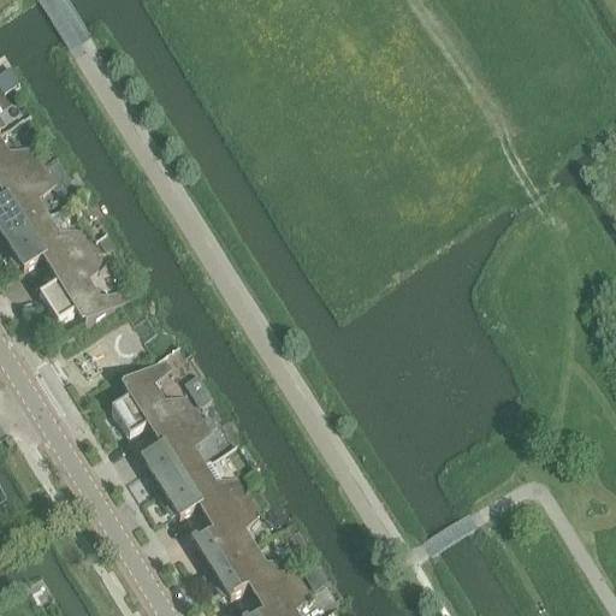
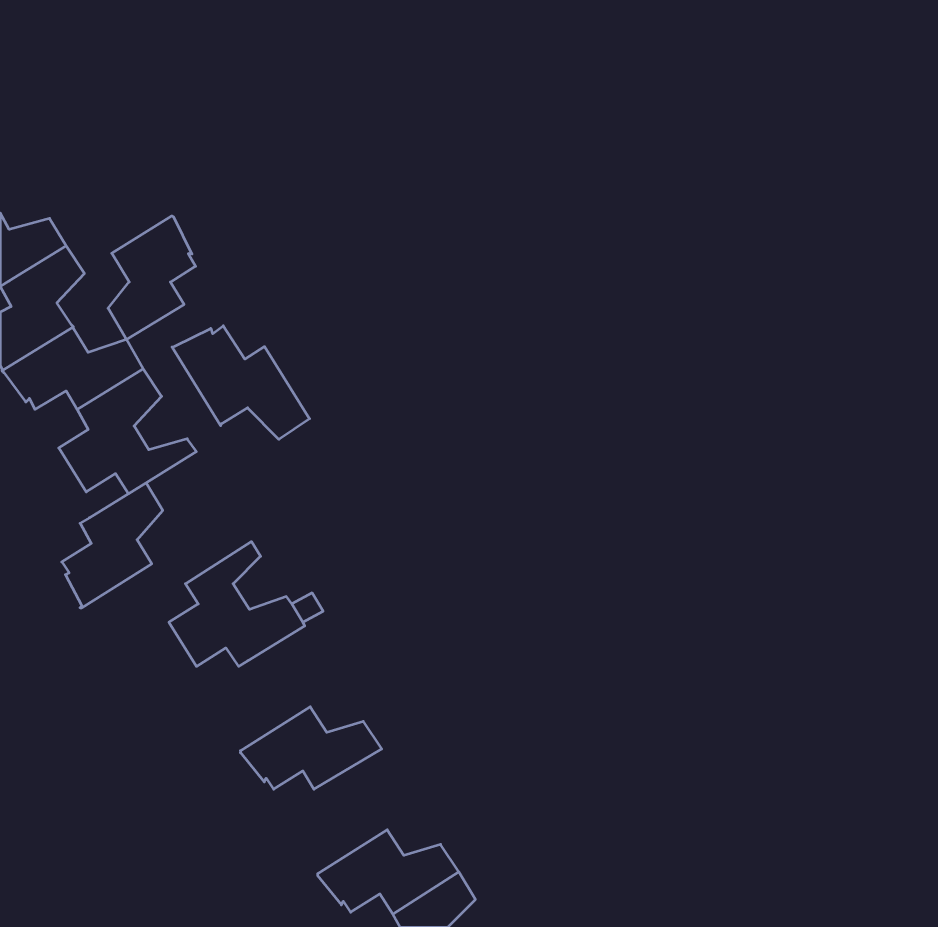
building: none -> [108,216,196,340]
building: none -> [172,326,310,439]
building: [144,410,211,492] -> [62,483,163,608]
building: [195,491,261,573] -> none

